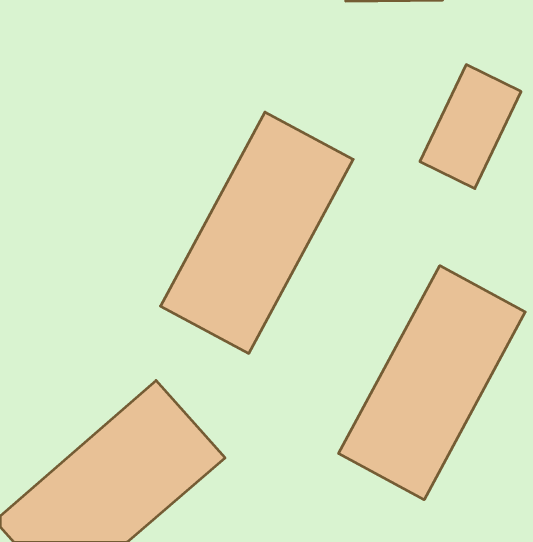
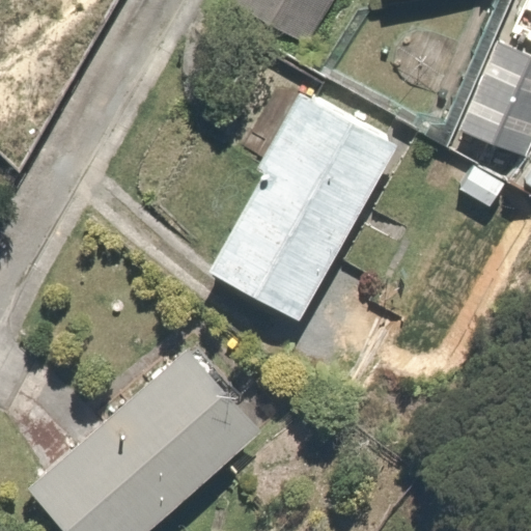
building: [339,266,525,500] -> none

